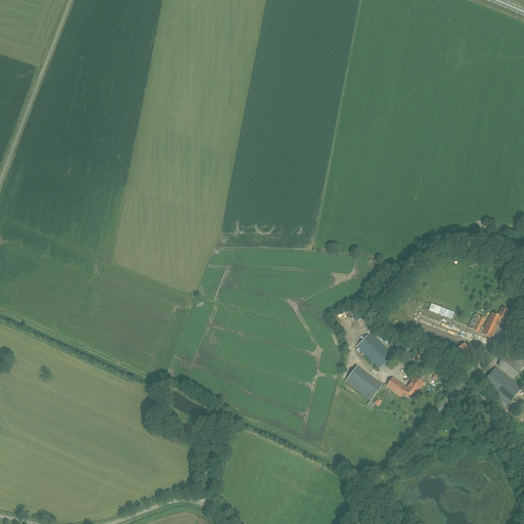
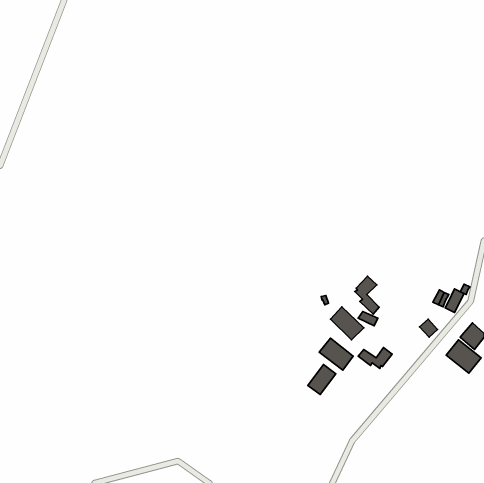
building: none -> [355,276,379,314]
building: none -> [308,365,336,395]

